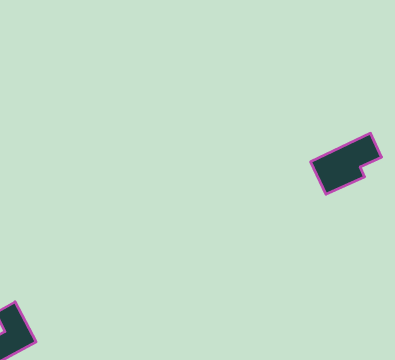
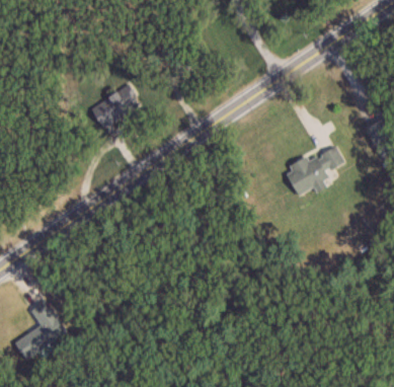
building: none -> [91,87,138,128]

